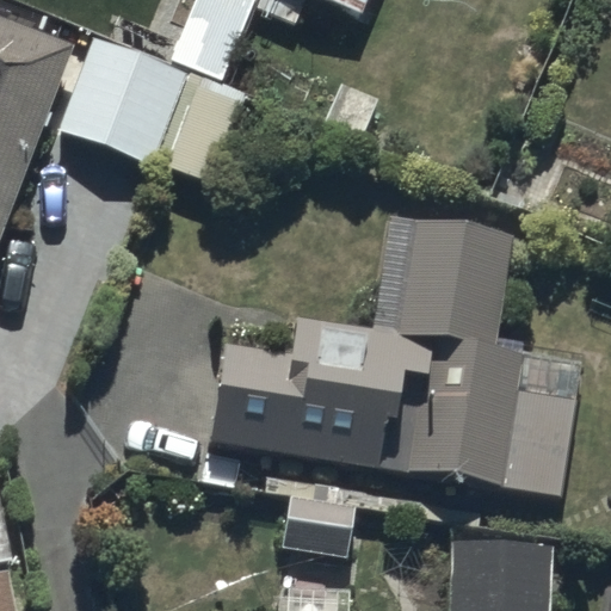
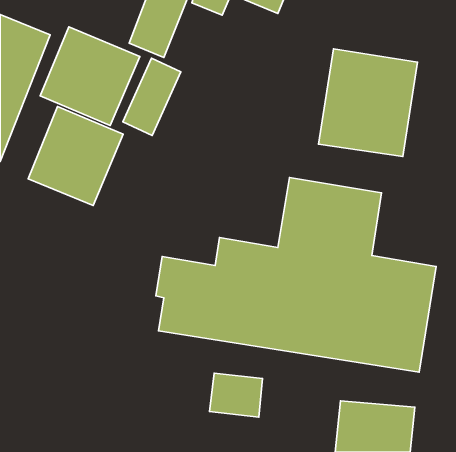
building: none -> [318,49,417,157]
building: none -> [28,106,123,206]

